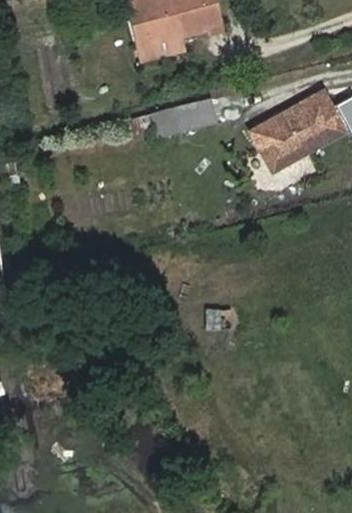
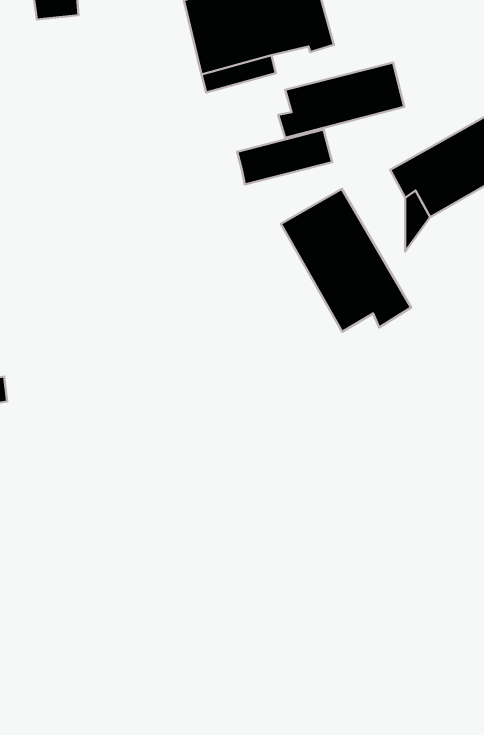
building: none -> [278,63,404,138]
building: none -> [281,189,411,332]

